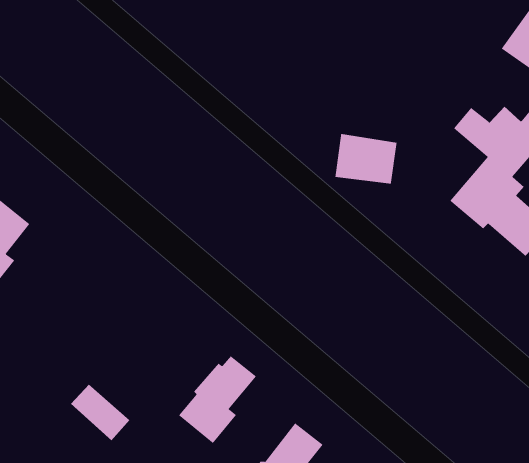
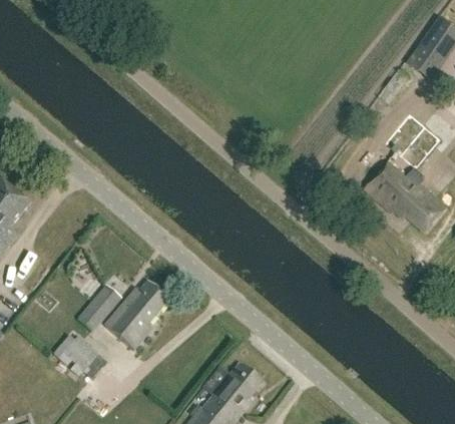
building: [335,133,397,184] -> none
building: none -> [75,284,119,330]
building: [178,355,257,444] -> [107,284,170,355]

